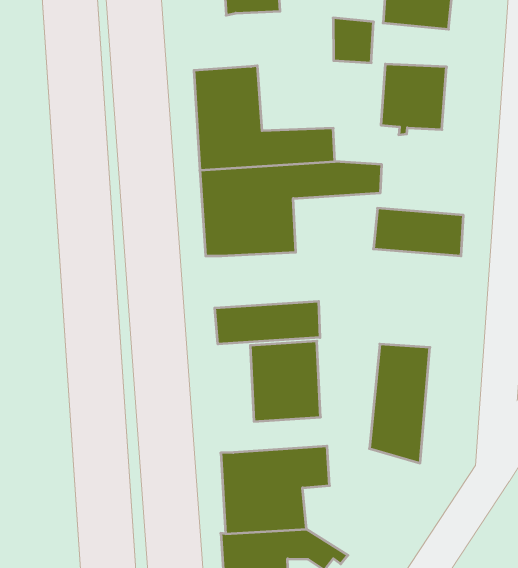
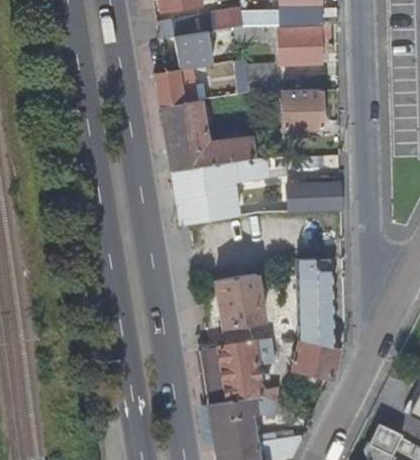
building: none -> [155,68,198,107]
building: [215,301,320,344] -> none
building: none -> [293,338,338,377]

